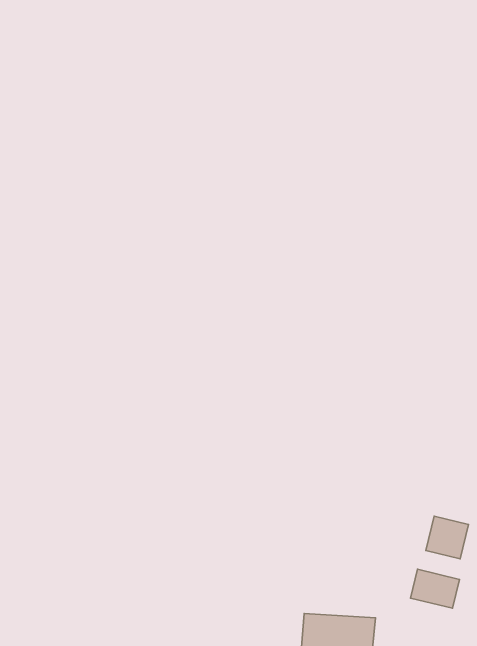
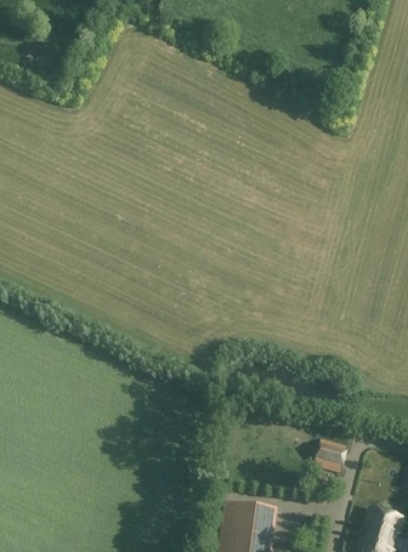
building: [411,569,460,608] -> none

